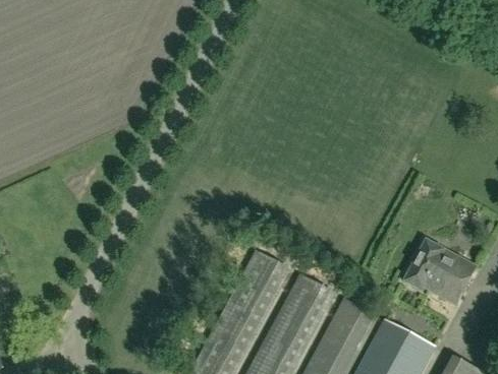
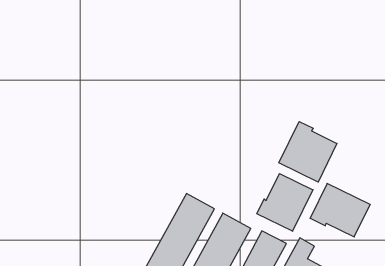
building: none -> [279,122,337,182]
building: none -> [257,174,313,231]

